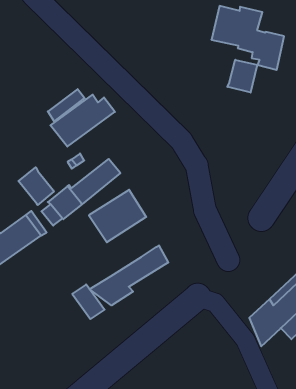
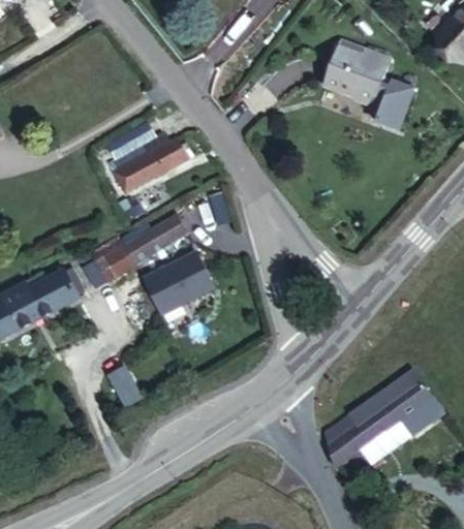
building: [227,60,258,93] -> none
building: [18,167,54,205] -> none
building: [90,245,168,305] -> none

